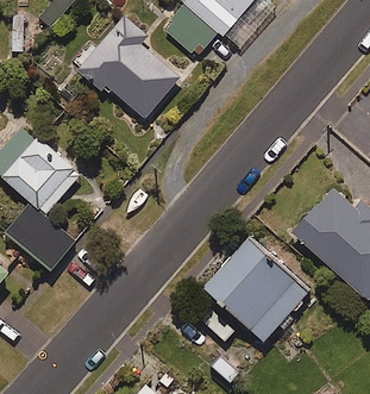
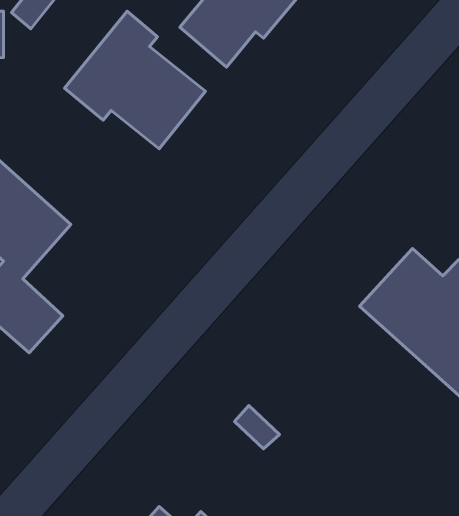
building: [203,237,308,340] -> none

